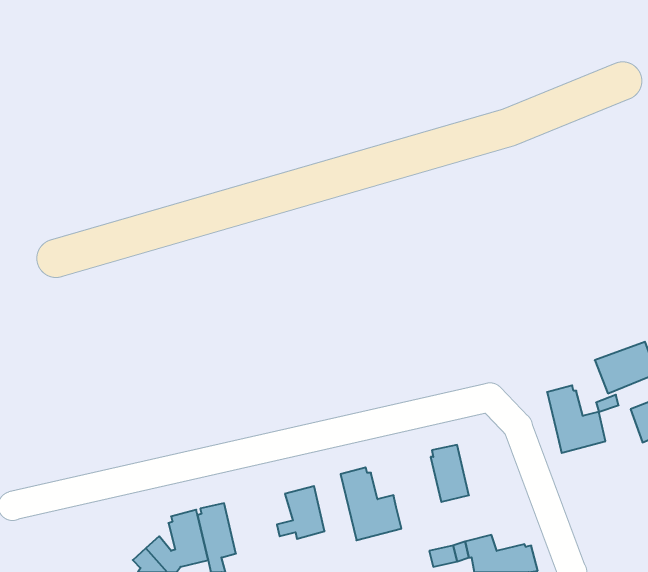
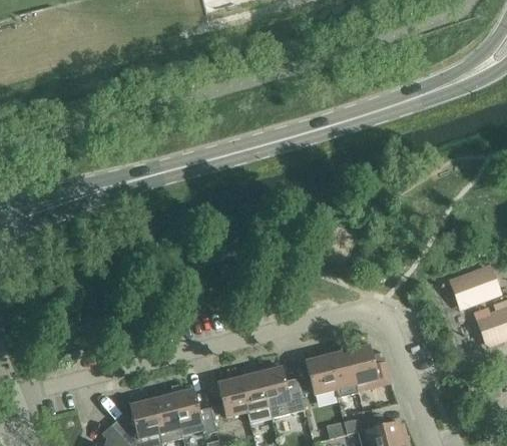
building: [547,385,605,453] -> [347,343,391,394]
building: none -> [299,357,335,396]
building: none -> [238,370,271,425]
building: none -> [170,387,216,435]

